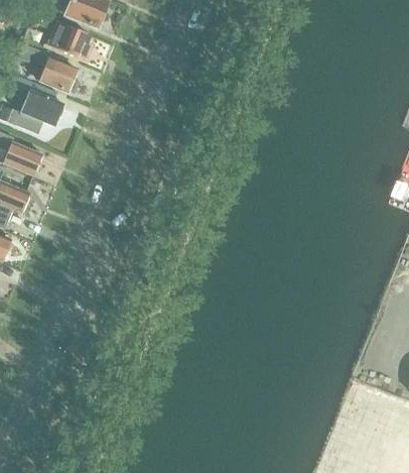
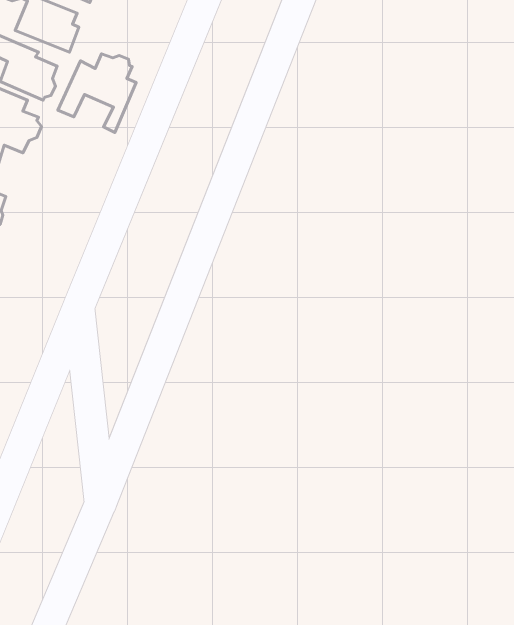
building: none -> [58,54,136,133]

